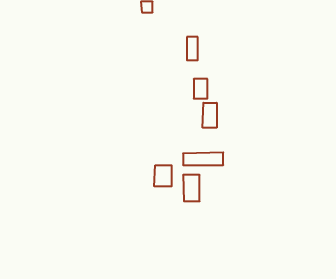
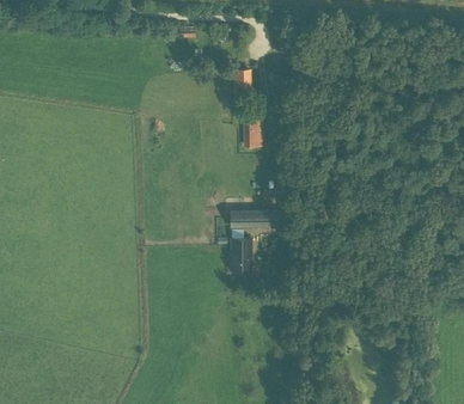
building: [203,103,217,128] -> none
building: [154,165,172,186] -> none

